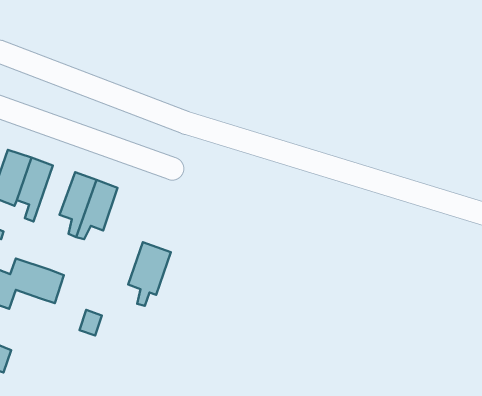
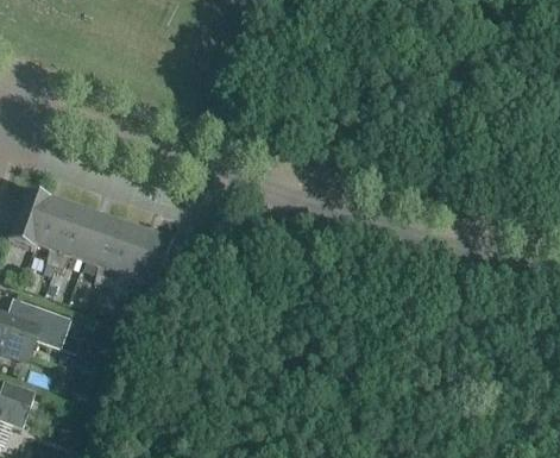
building: none -> [46,202,90,265]
building: [128,242,171,306] -> [120,226,165,294]

